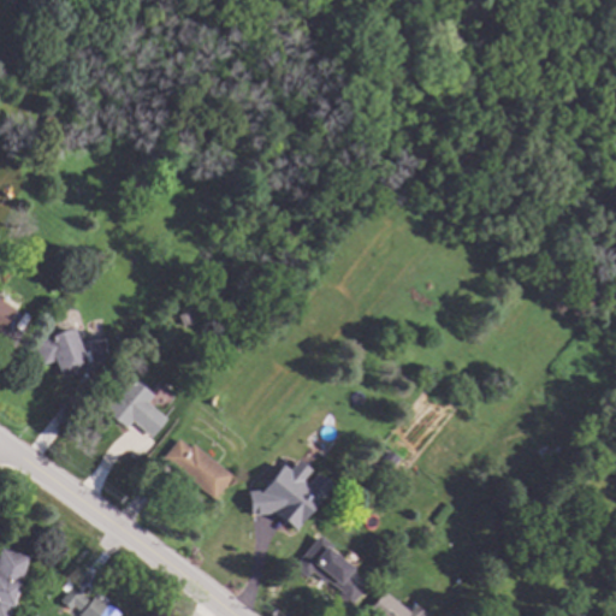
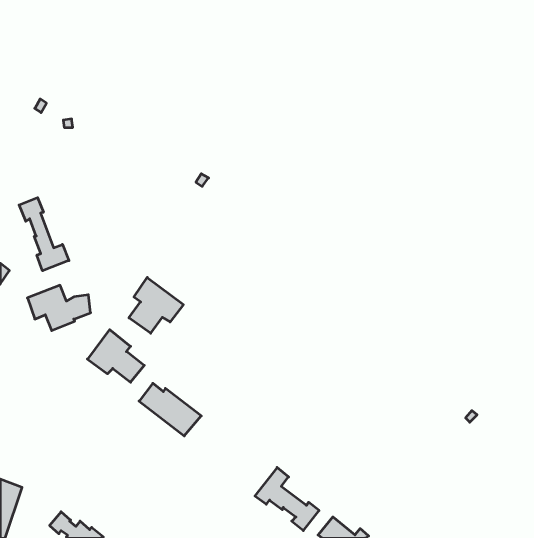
building: none -> [19,198,69,271]
building: none -> [129,277,183,333]
building: [249,461,332,531] -> none

